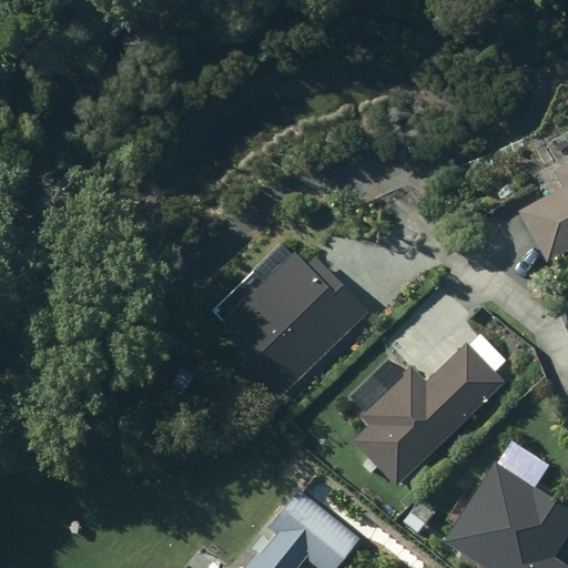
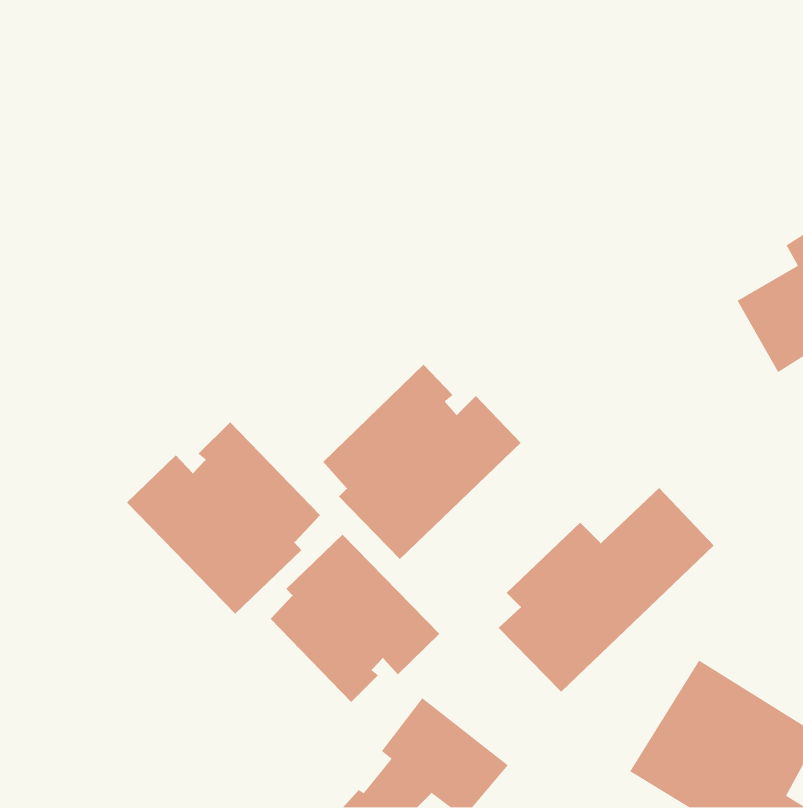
building: none -> [126,422,321,614]
building: none -> [270,534,440,703]

